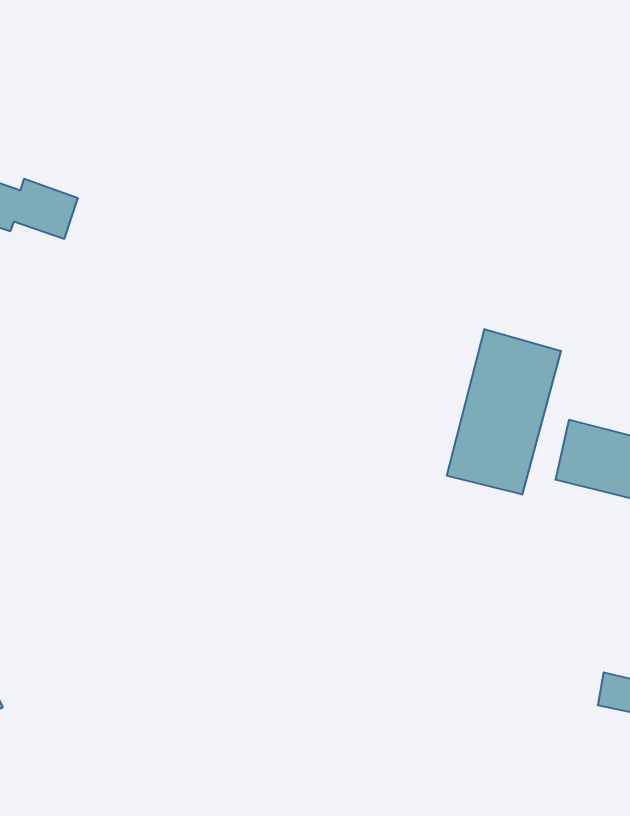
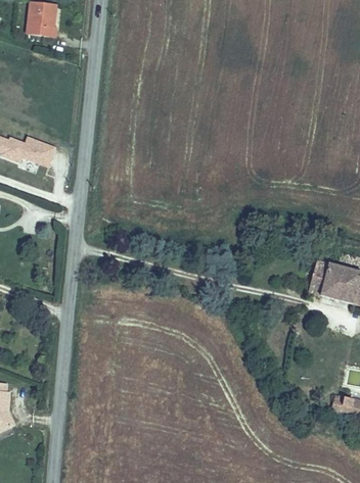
building: [447,329,561,495] -> none

